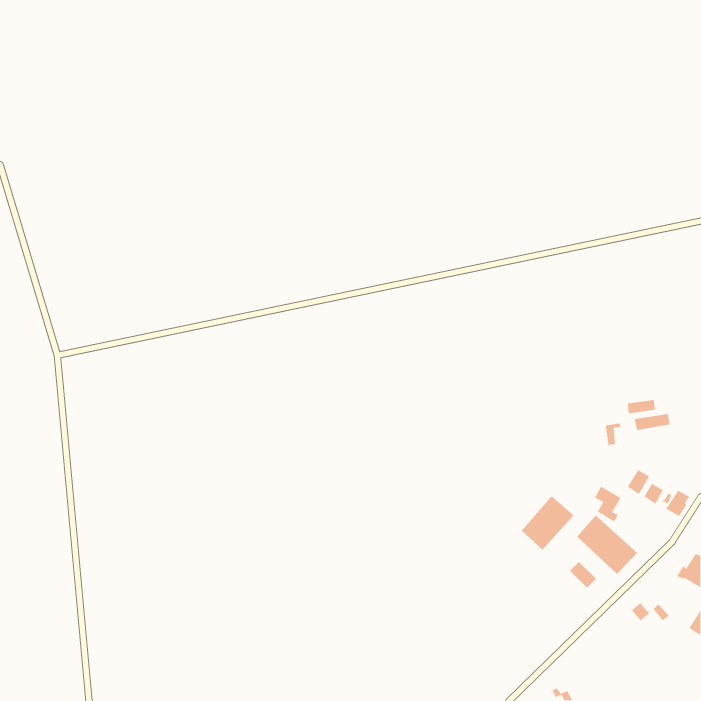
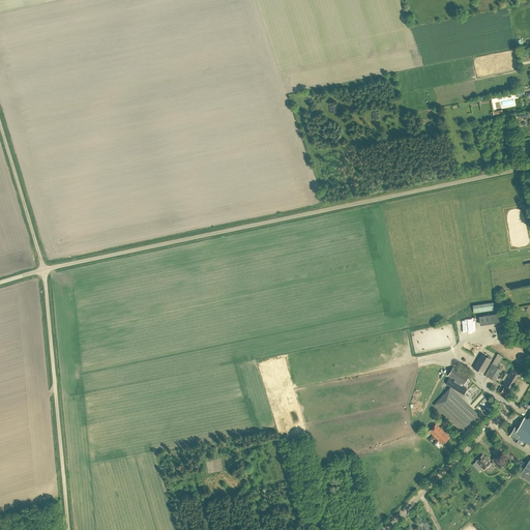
building: [521,495,574,550] -> none

